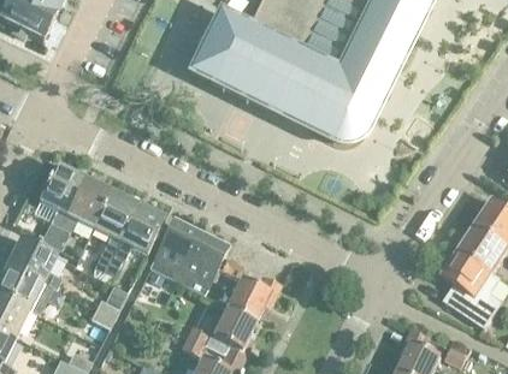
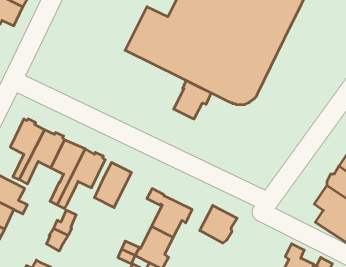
building: none -> [174,81,211,119]
building: [177,233,228,293] -> none
building: none -> [200,205,237,243]

